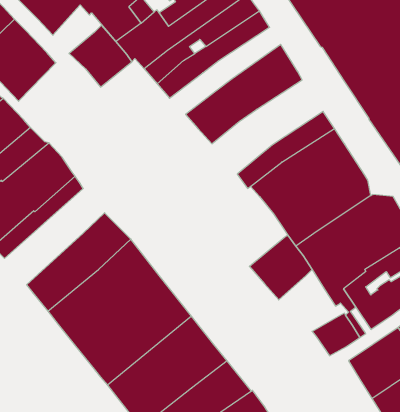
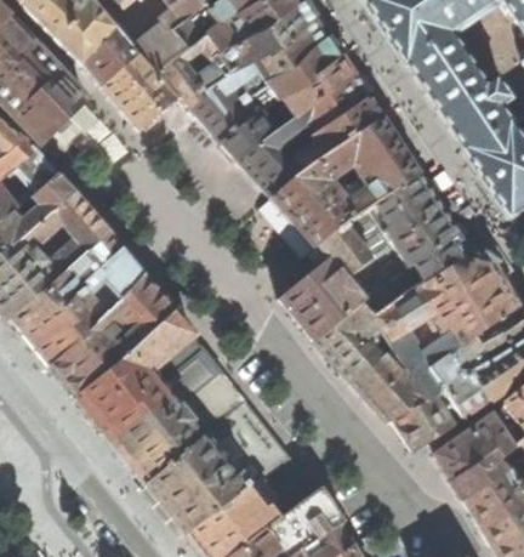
building: none -> [81,27,131,85]
building: none -> [280,53,354,115]
building: none -> [221,108,277,158]
building: none -> [272,116,405,229]
building: none -> [23,246,143,362]
building: none -> [280,256,359,340]
building: none -> [352,351,426,419]

